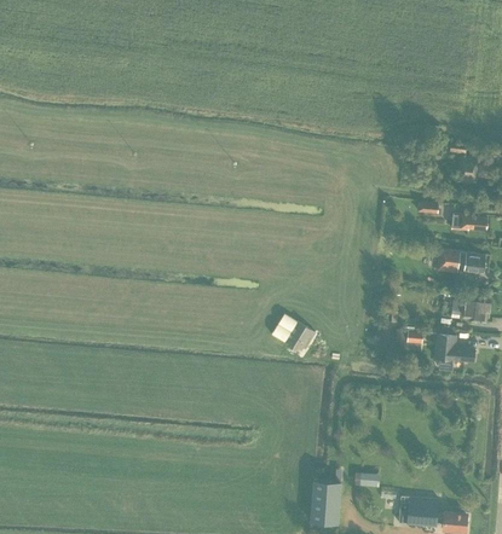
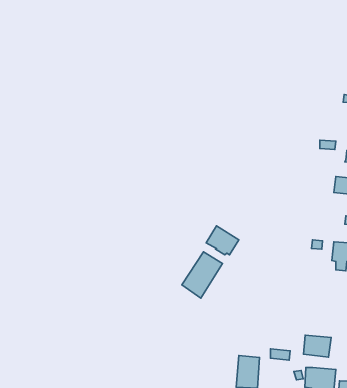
building: none -> [182,252,223,298]
building: none -> [304,335,331,357]

